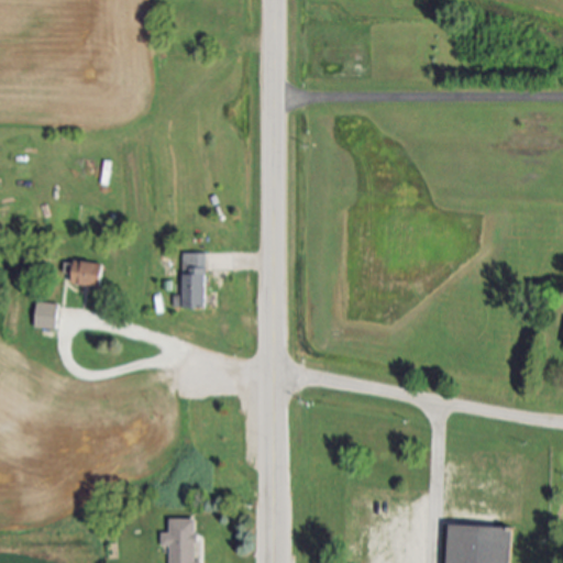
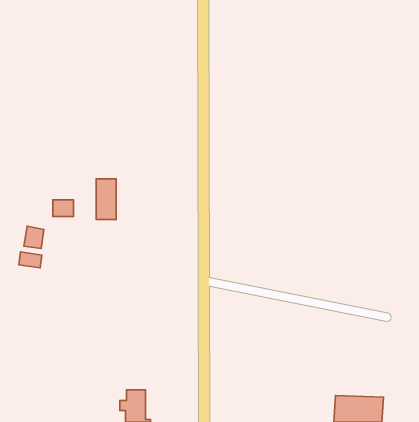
building: [178,254,205,308] -> [96,179,116,219]
building: none -> [19,252,42,268]

